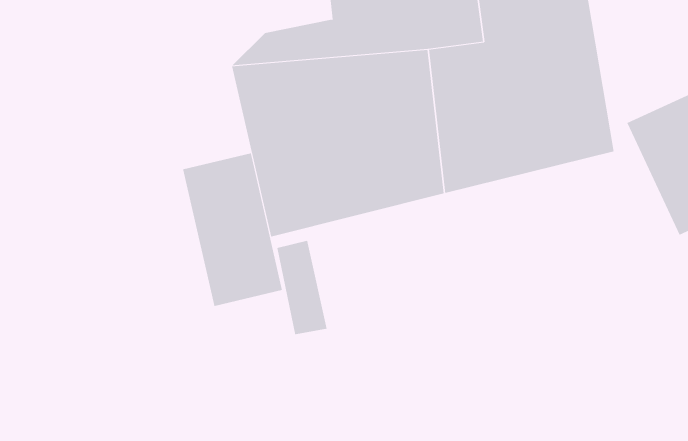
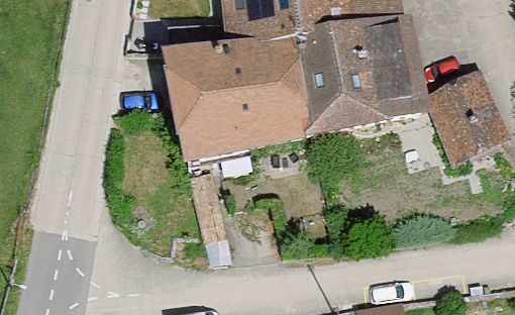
building: [183,152,283,307] -> none

